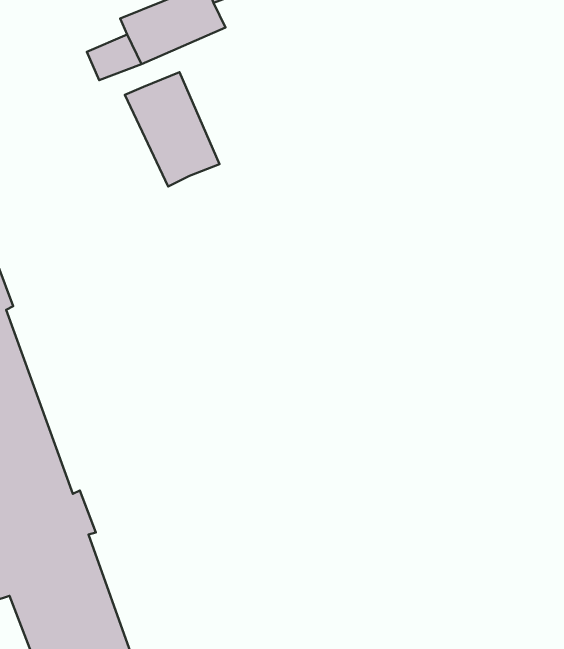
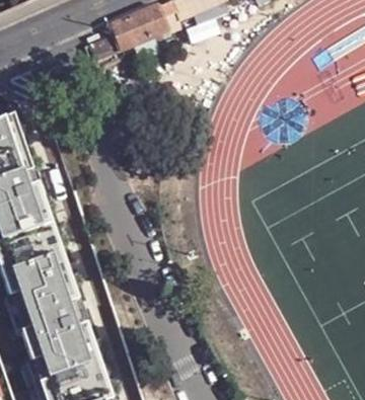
building: [125,72,220,187] -> none

